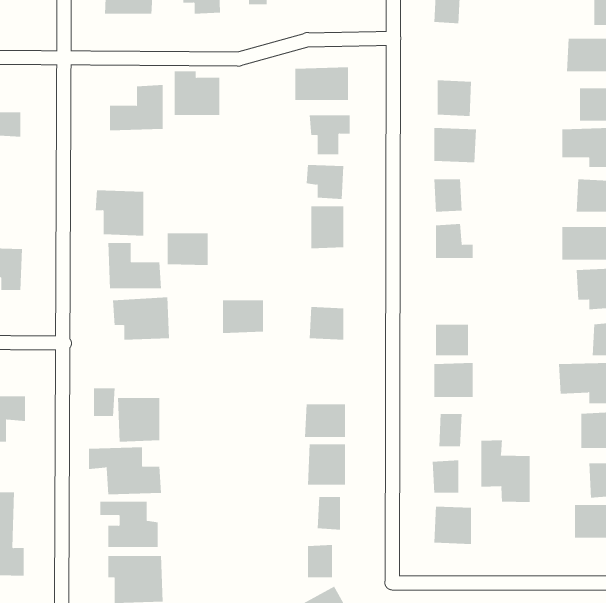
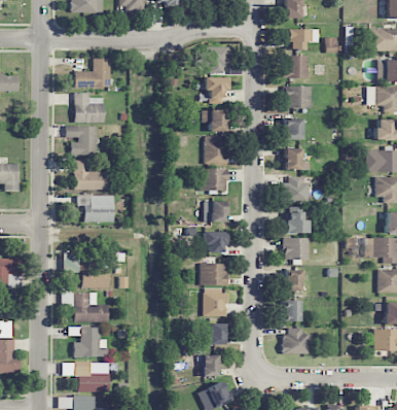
building: none -> [287,29,308,49]
building: [174,71,220,116] -> [75,93,105,122]
building: [167,232,208,266] -> none
building: none -> [287,178,310,202]
building: [222,300,264,333] -> [201,169,227,191]
building: none -> [203,231,227,252]
building: [481,440,530,503] -> none

